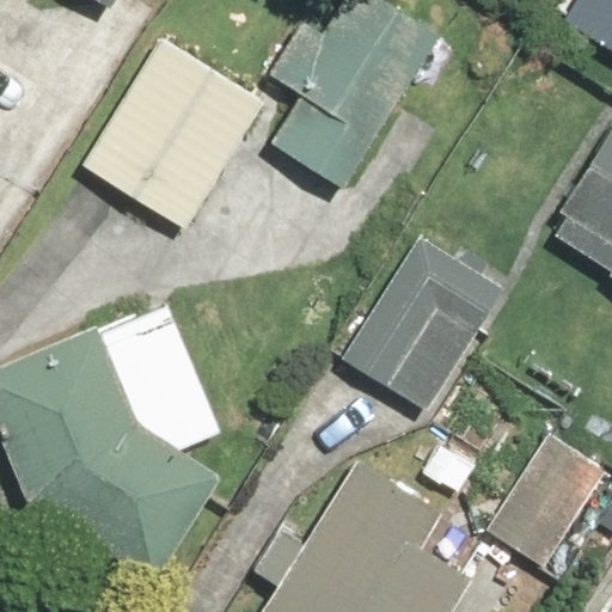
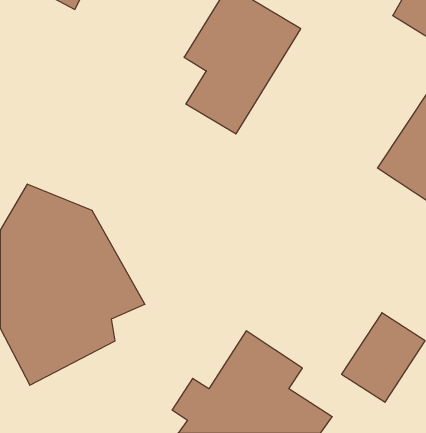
building: [81,38,267,230] -> none
building: [342,235,504,411] -> none

